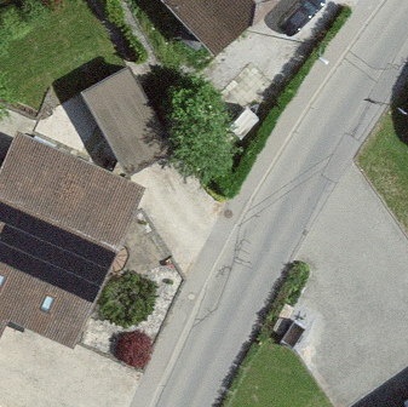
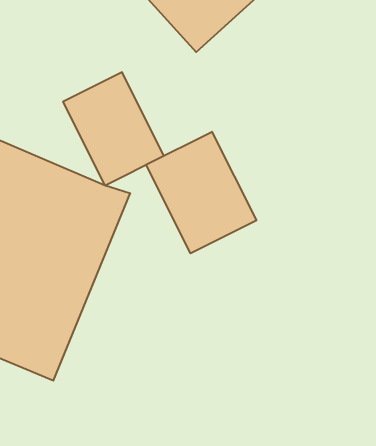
building: none -> [146,132,256,253]

